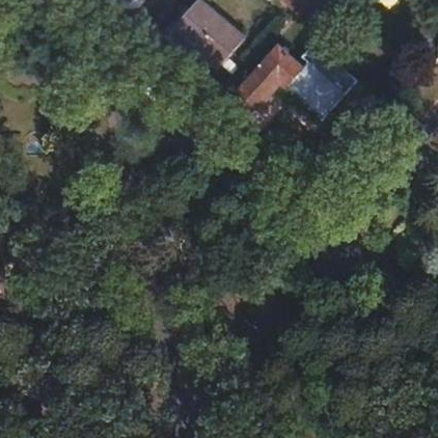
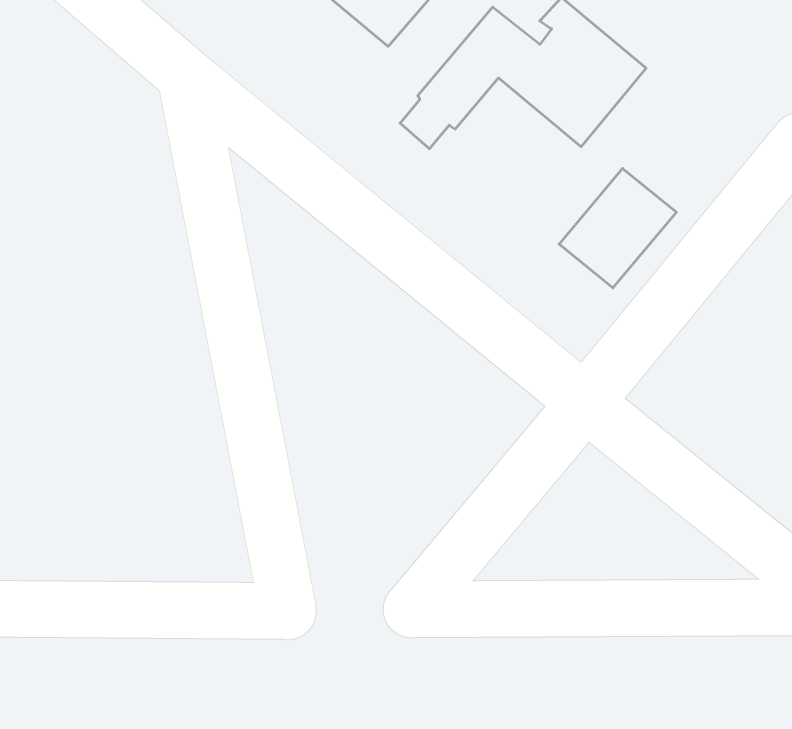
building: none -> [559,168,676,288]

